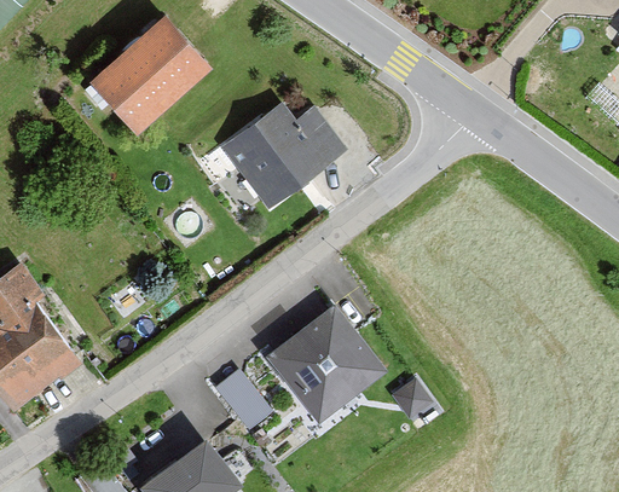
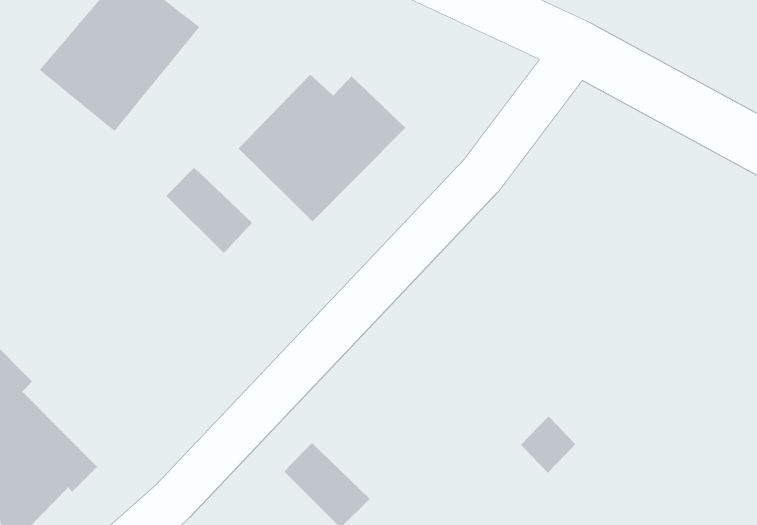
building: none -> [165,167,253,254]
building: [264,301,388,426] -> none

